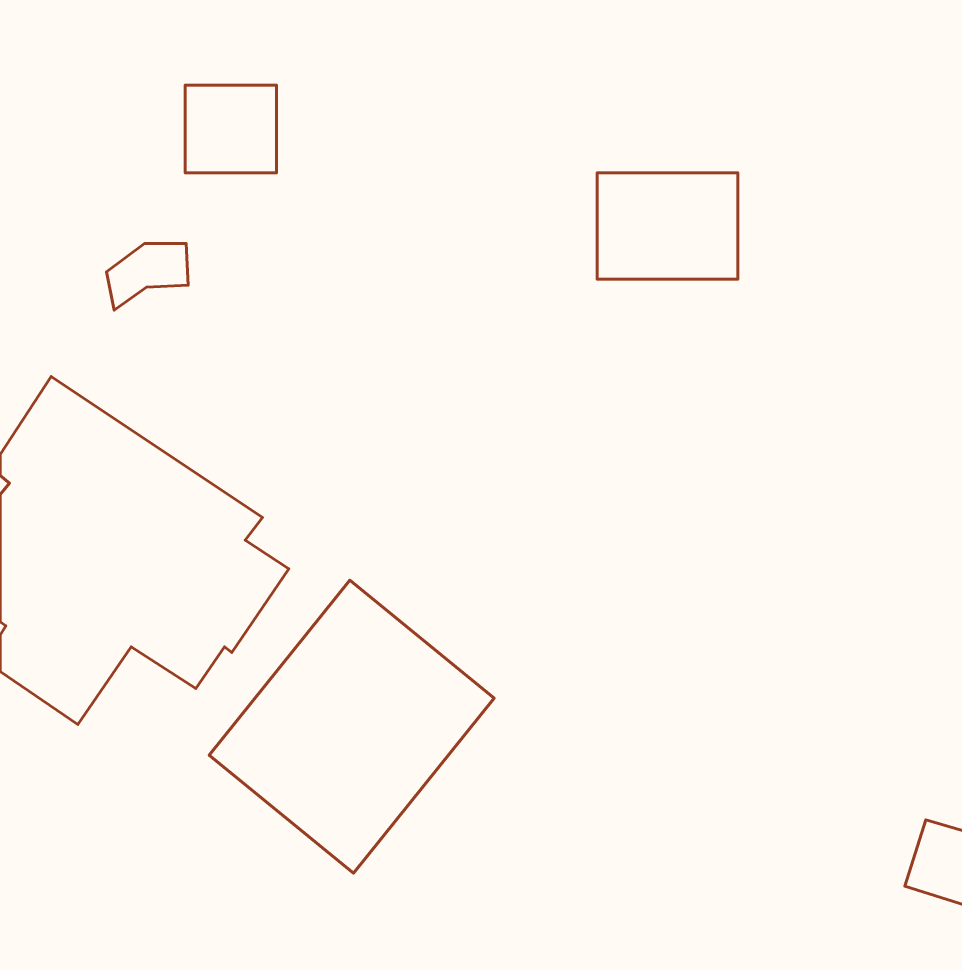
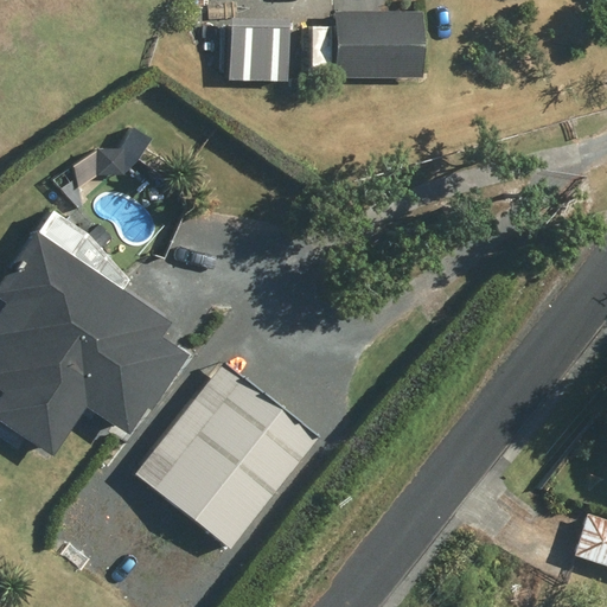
building: [185,85,277,173] -> [228,32,285,87]
building: [597,173,738,279] -> [331,9,418,76]

